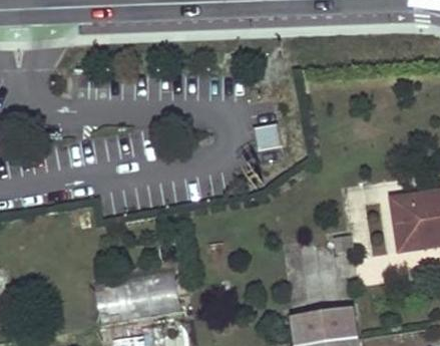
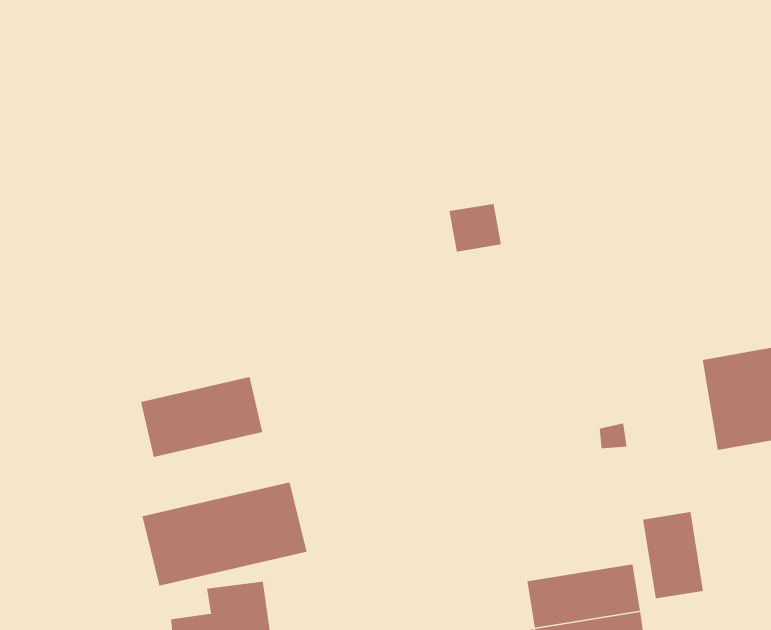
building: none -> [140,376,263,458]
building: none -> [642,511,704,599]

